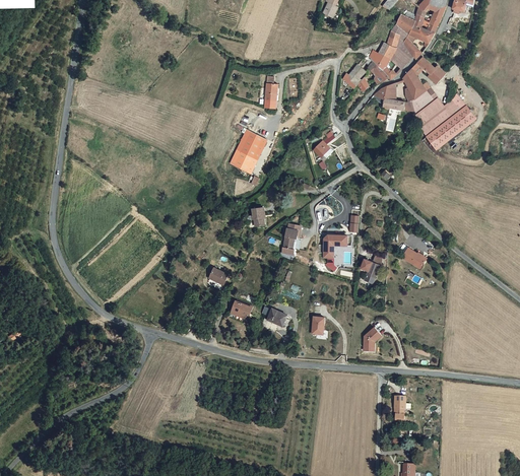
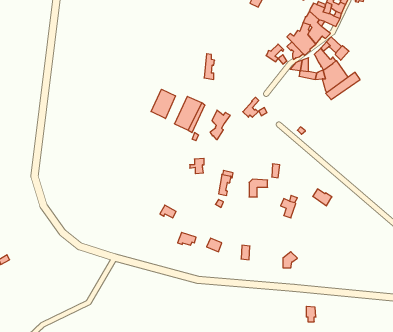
building: [425,110,469,148] -> none
building: none -> [151,89,175,119]
building: none -> [210,110,230,140]

